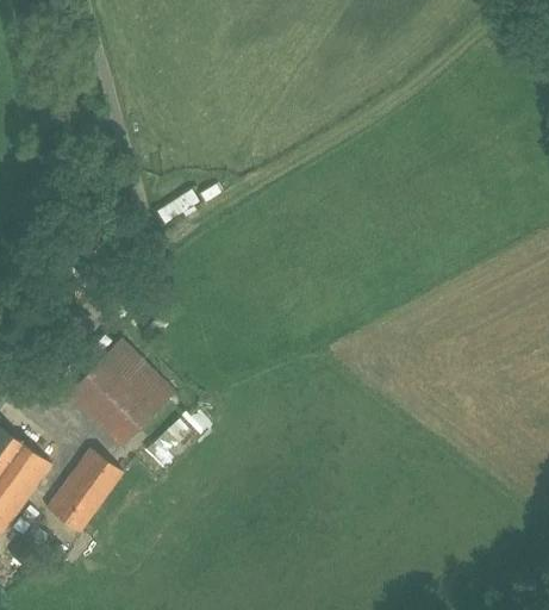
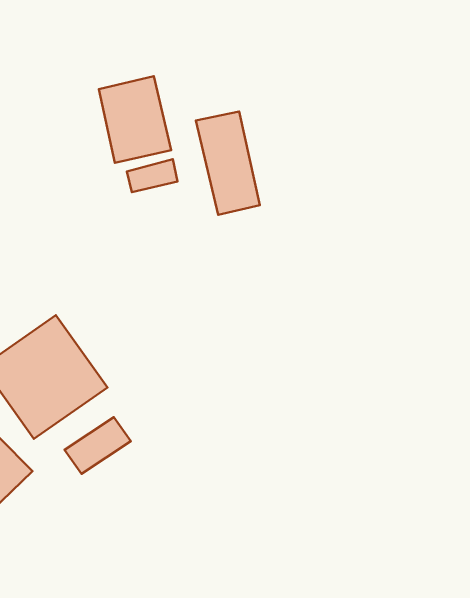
building: none -> [99,76,171,163]
building: none -> [196,111,260,215]

